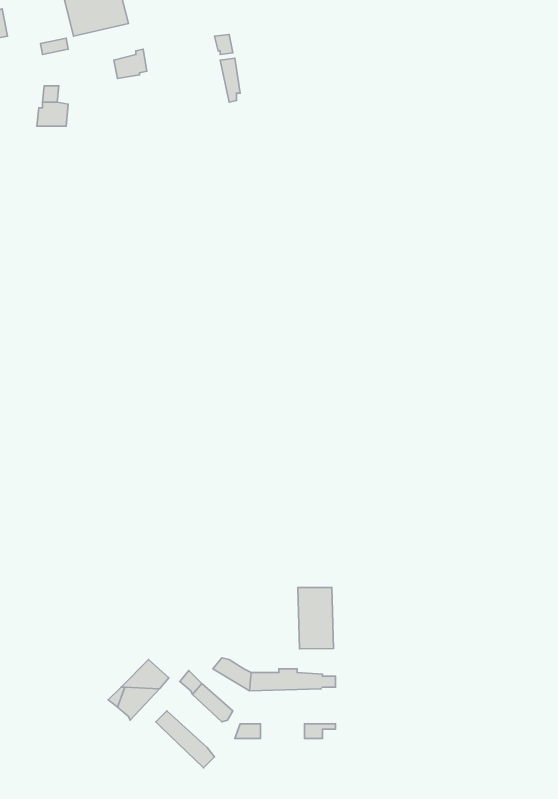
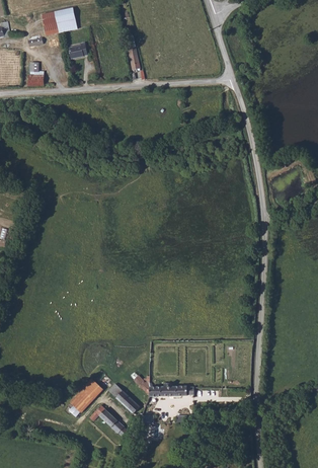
building: [298,587,334,649] -> none

